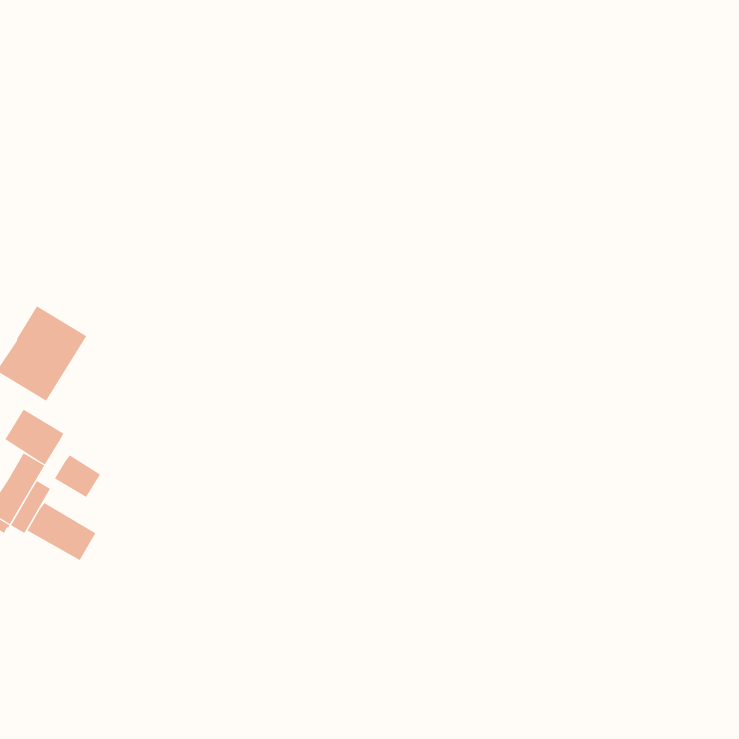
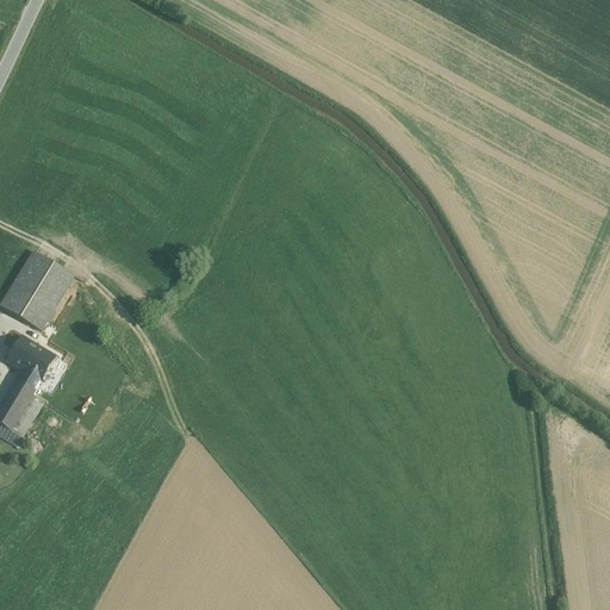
building: [54,455,101,498] -> none
building: [27,502,96,561] -> none

